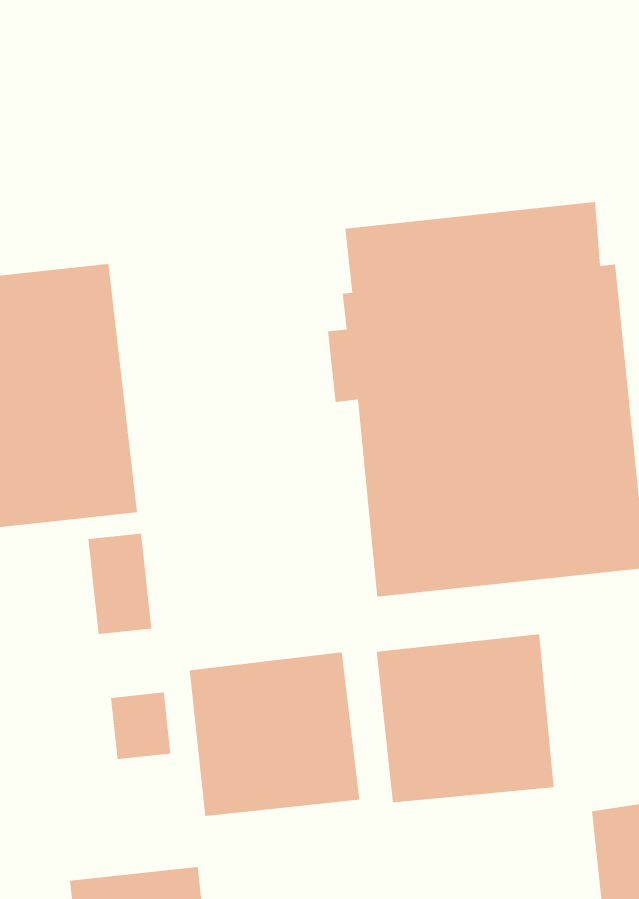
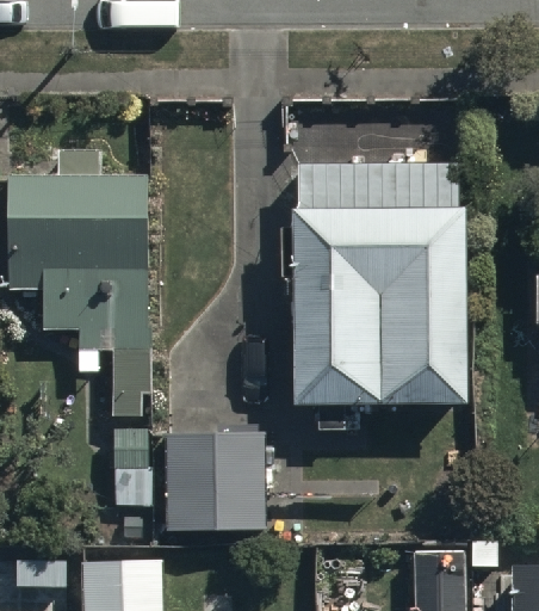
building: [376,634,554,803] -> none

